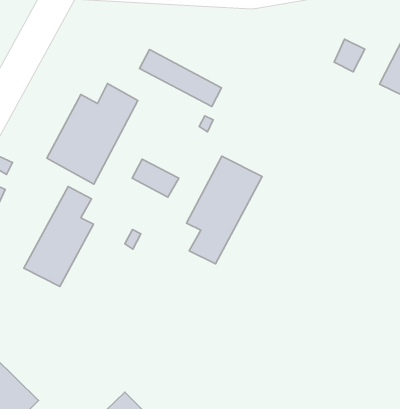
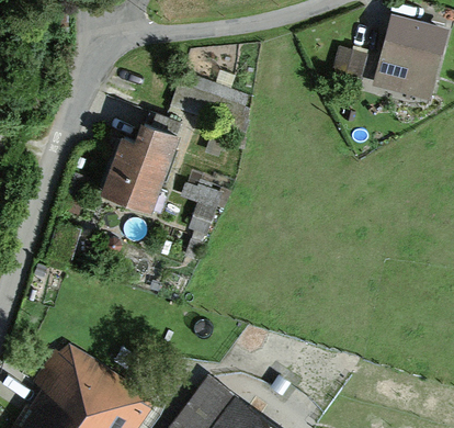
building: [187,156,262,264] -> none
building: [24,187,93,287] -> none

